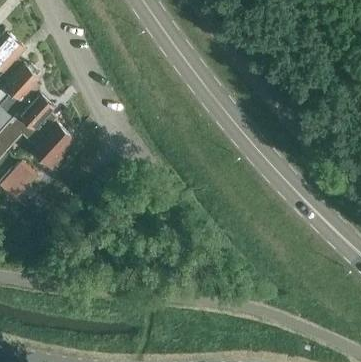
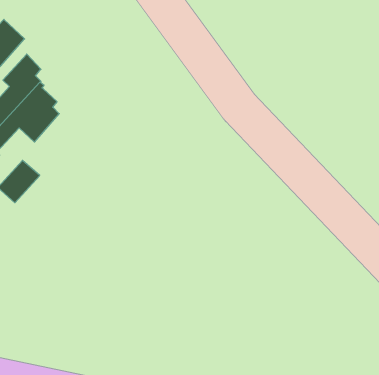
building: [29,121,77,169] -> none

